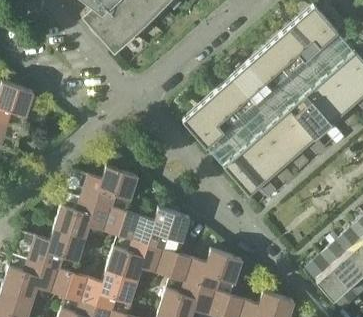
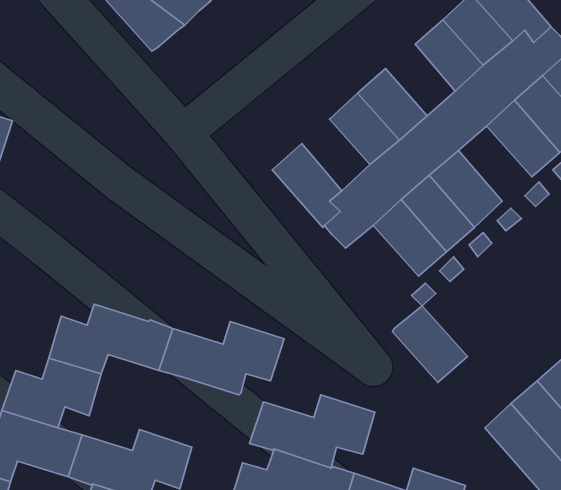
building: [247,49,287,90] -> none
building: [199,92,238,133] -> none
building: [289,96,331,139] -> none
building: [223,153,266,197] -> [392,306,467,383]
building: [80,167,137,208] -> none
building: [106,240,177,280] -> none

